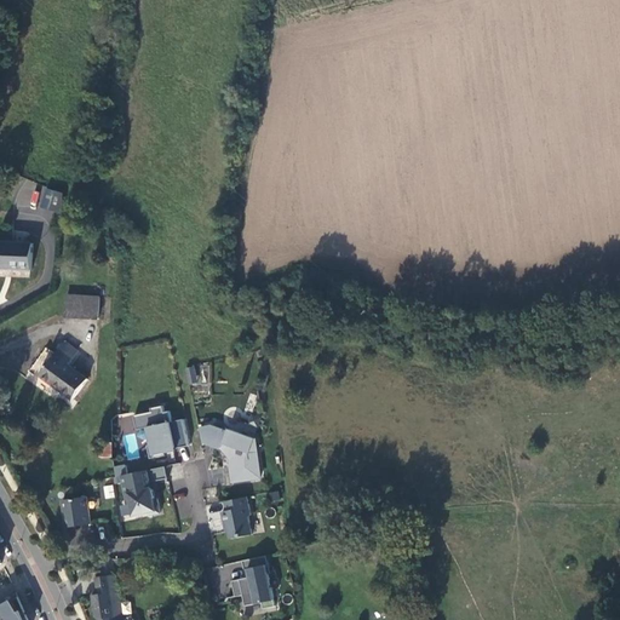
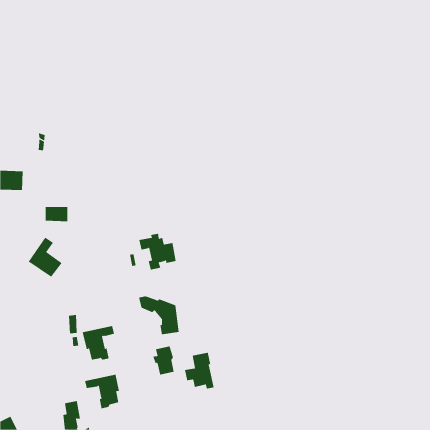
building: [132,406,186,459] -> [138,233,176,270]
building: [58,498,87,529] -> none
building: none -> [85,374,119,409]
building: [230,555,274,608] -> [184,352,214,389]

